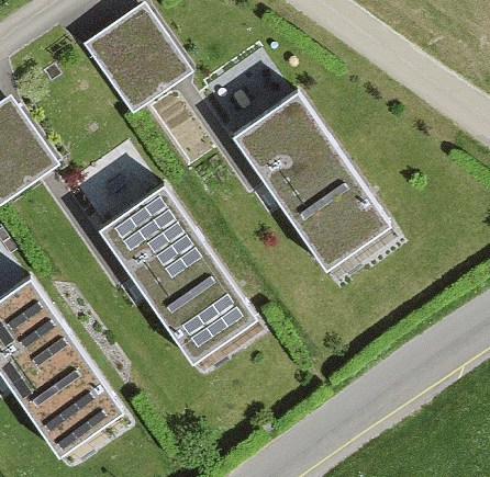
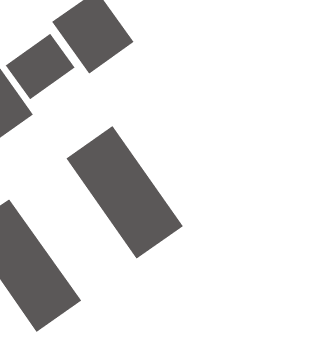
building: none -> [5,33,76,100]
building: [232,91,387,266] -> none

